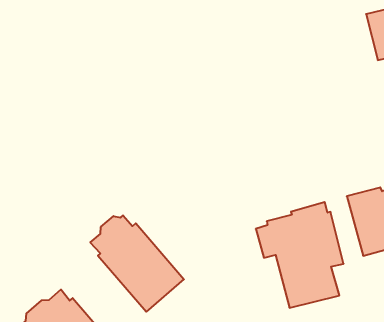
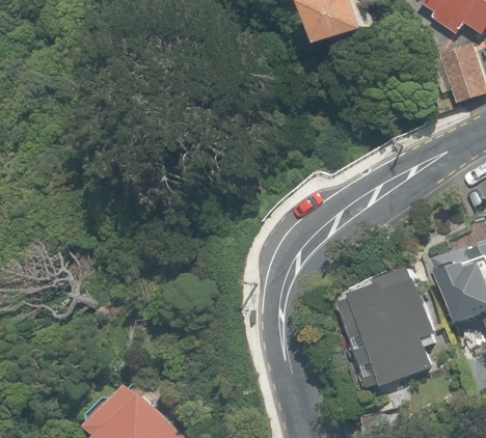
building: [90,215,184,312] -> none

